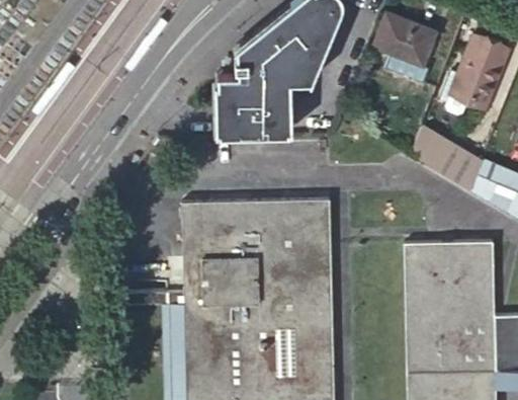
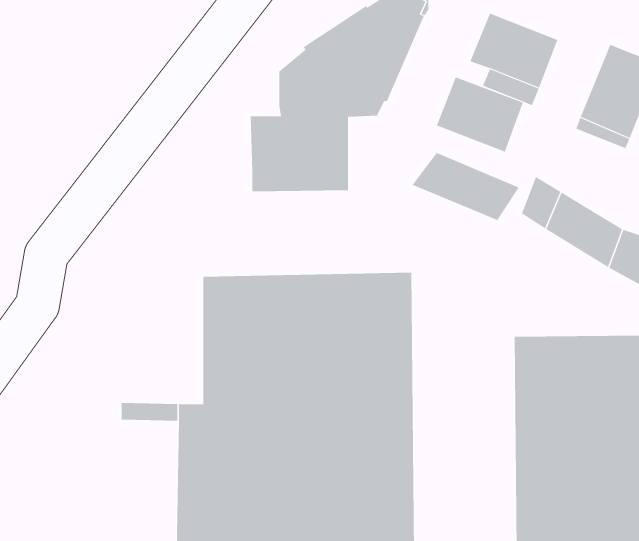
building: none -> [436,77,523,152]
building: none -> [412,152,519,221]

